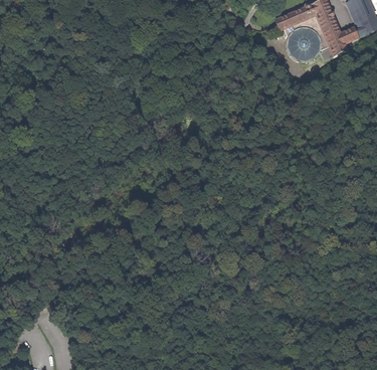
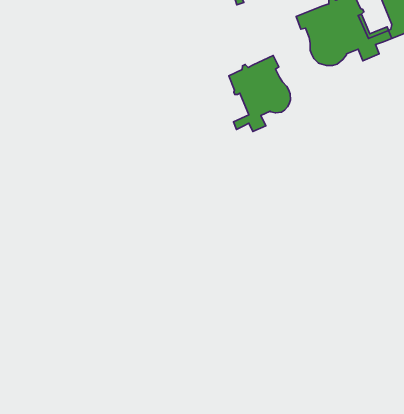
building: none -> [229,56,291,131]

